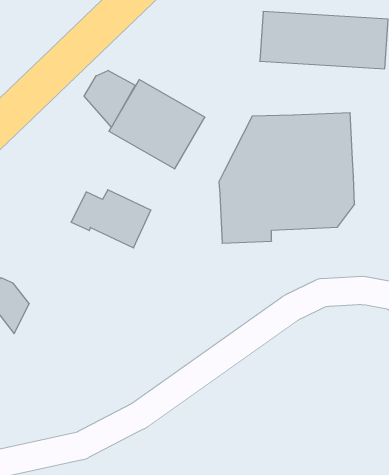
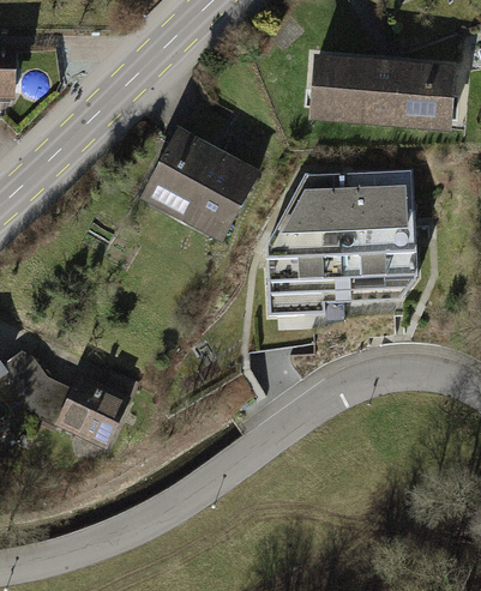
building: [84,70,135,127] -> none
building: [71,190,151,248] -> [37,379,126,444]

